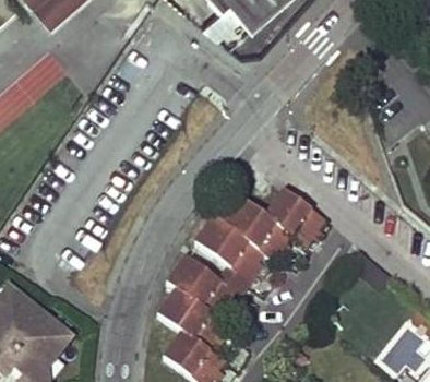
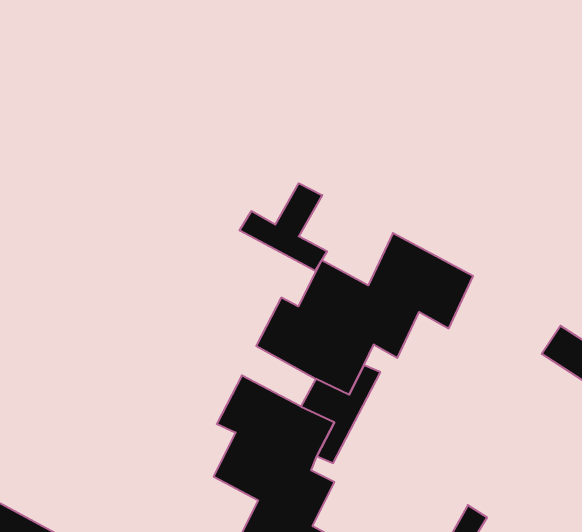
building: none -> [240,183,327,271]

